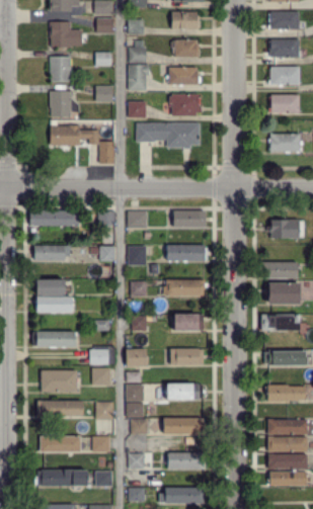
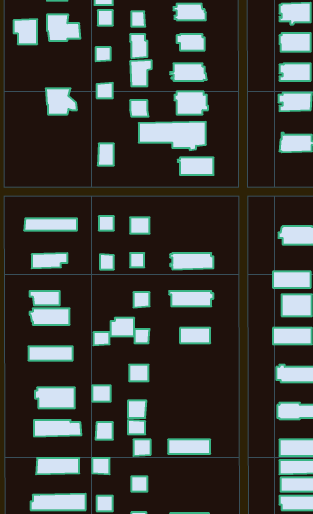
building: [48,57,70,80] -> [14,19,37,44]
building: [51,126,98,145] -> none
building: [172,210,206,227] -> [178,158,214,175]
building: [91,346,113,363] -> [111,318,134,336]
building: [169,349,205,363] -> none
building: [166,384,203,399] -> none
building: [166,453,205,468] -> none

